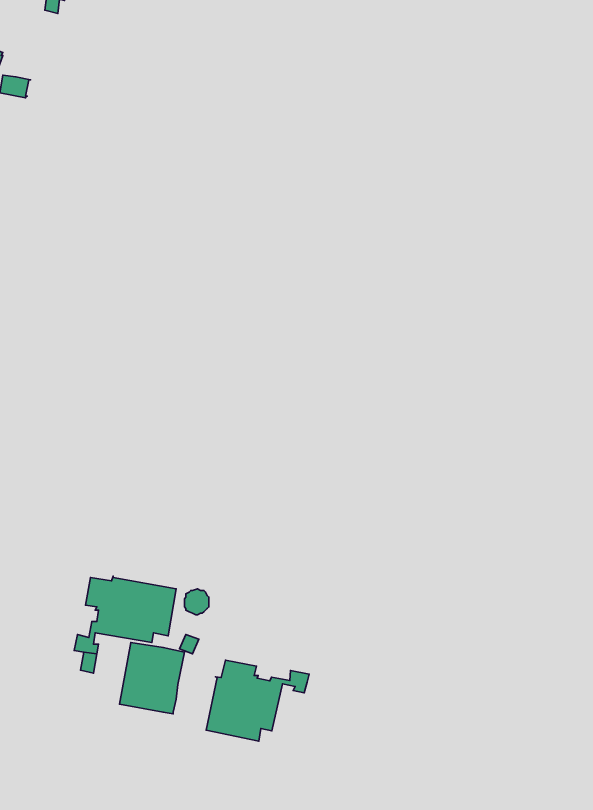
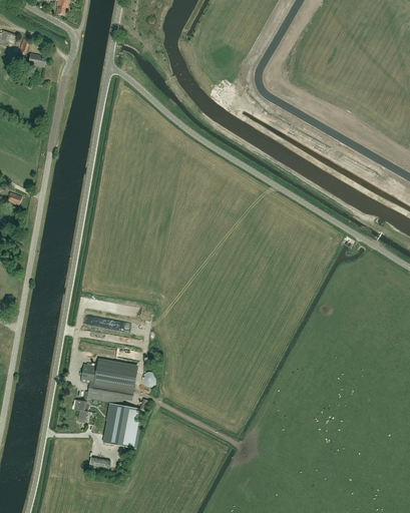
building: [206,660,309,741] -> none

